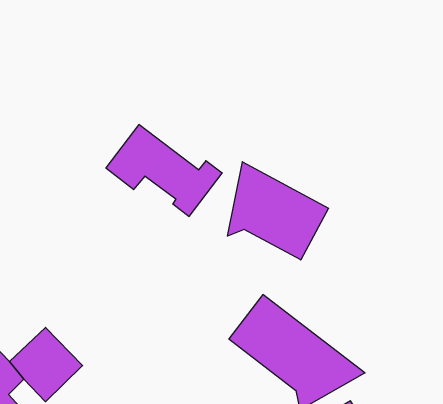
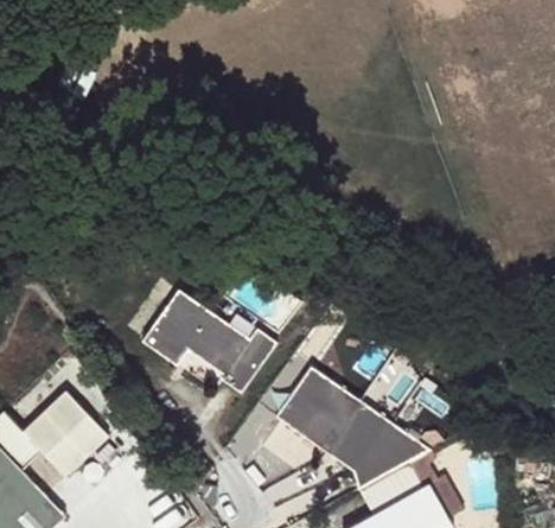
building: [106,125,222,216] -> [141,286,275,392]
building: [227,162,329,260] -> none

